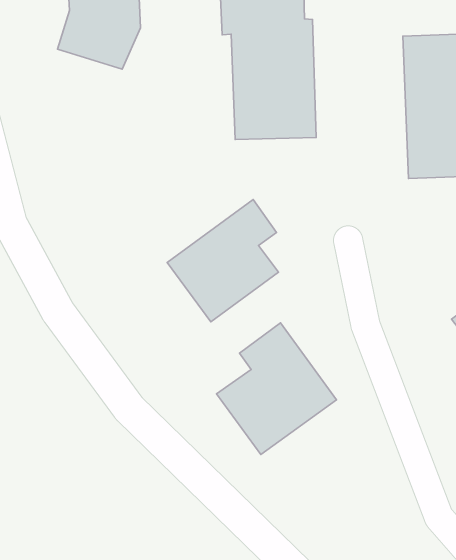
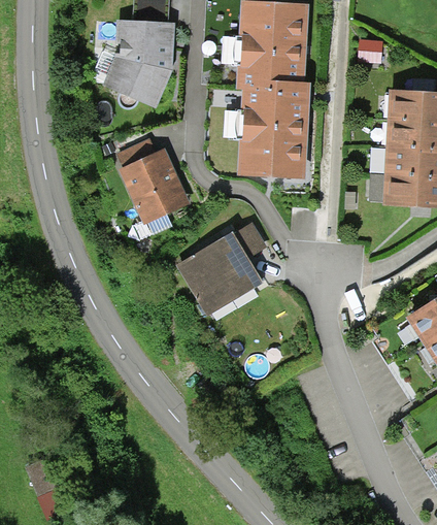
building: none -> [116,139,191,221]
building: [217,323,336,455] -> none

